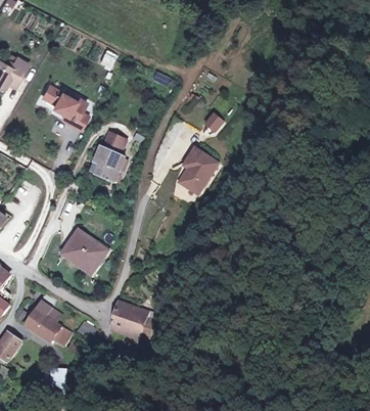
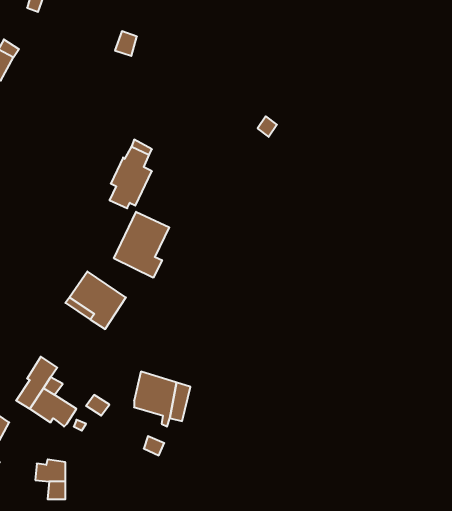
building: [43,84,87,129] -> none
building: [178,146,217,190] -> none
building: none -> [114,212,169,278]

